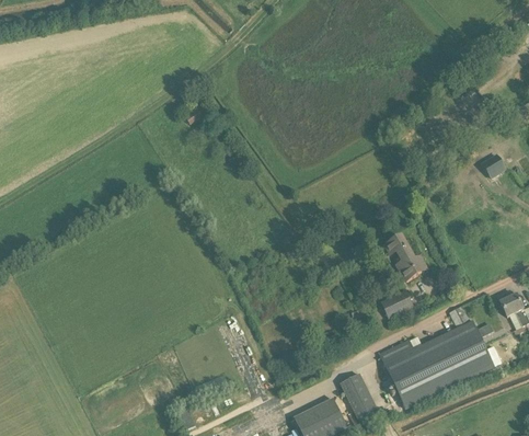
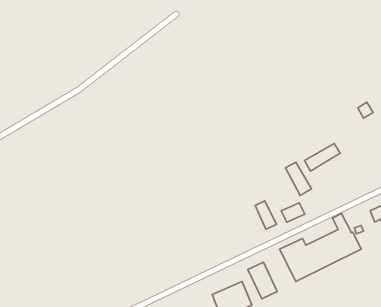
building: none -> [304,144,340,171]
building: none -> [255,201,277,229]

